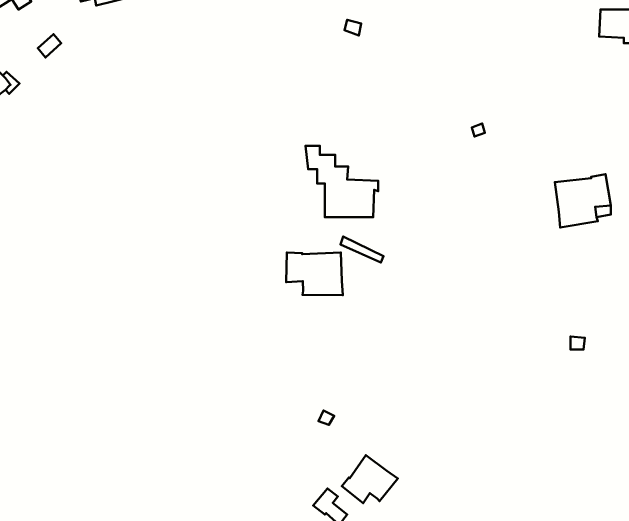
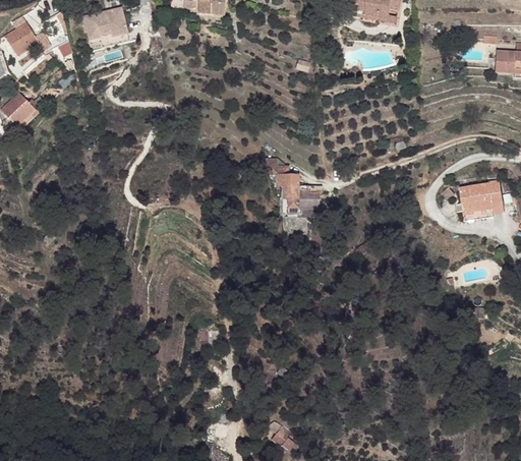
building: [286,253,343,295] -> none
building: [342,455,398,503] -> none

